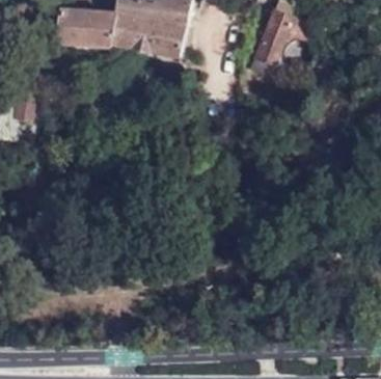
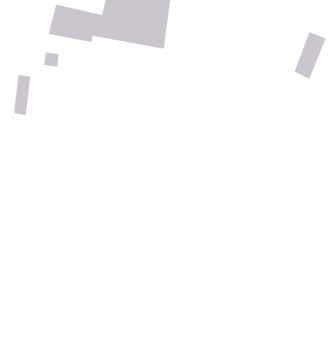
building: [256,10,293,63] -> [294,31,327,79]

